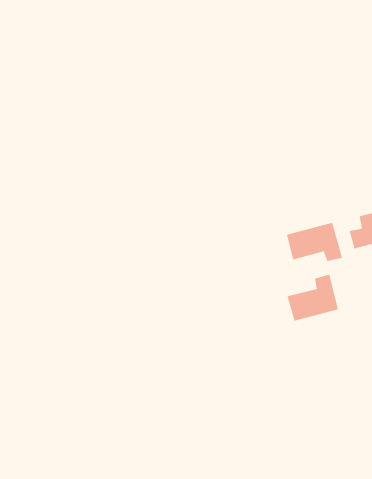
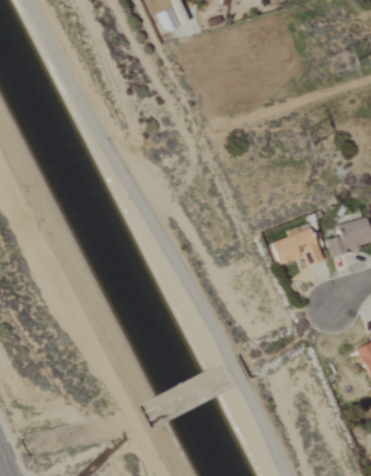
building: [287,274,339,321] -> none

